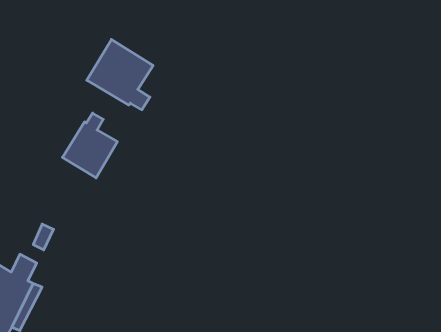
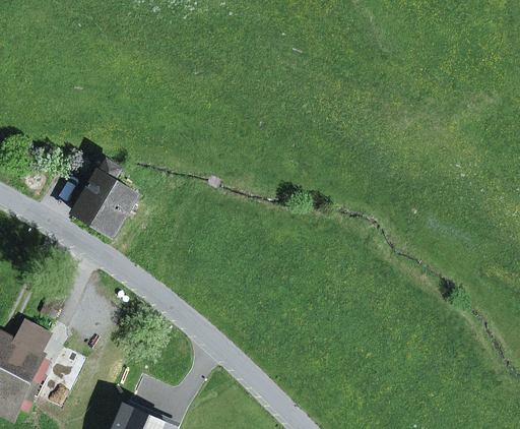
building: [87,39,153,110] -> none

